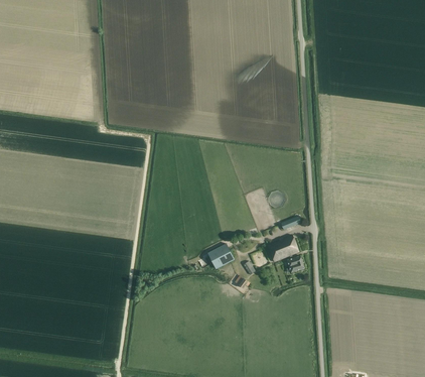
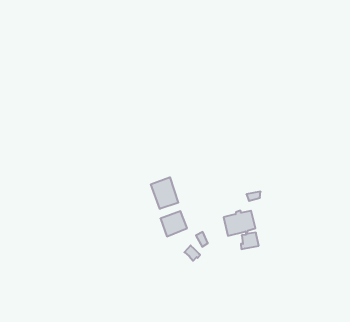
building: none -> [151,177,178,209]

